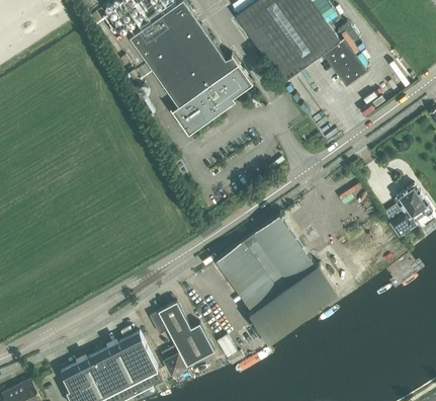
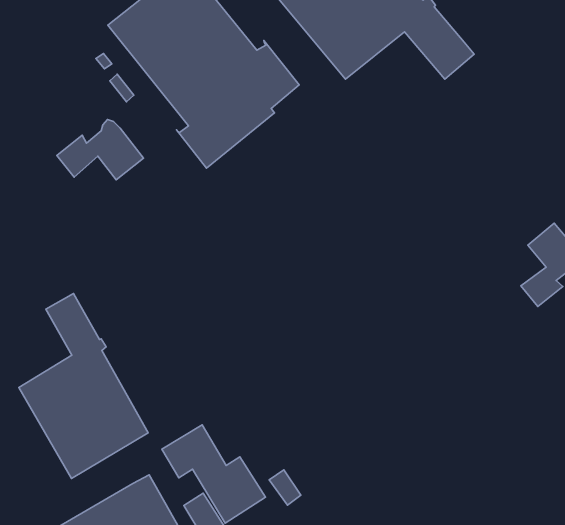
building: none -> [57,120,143,180]
building: none -> [19,293,148,479]
building: [215,215,337,340] -> none

